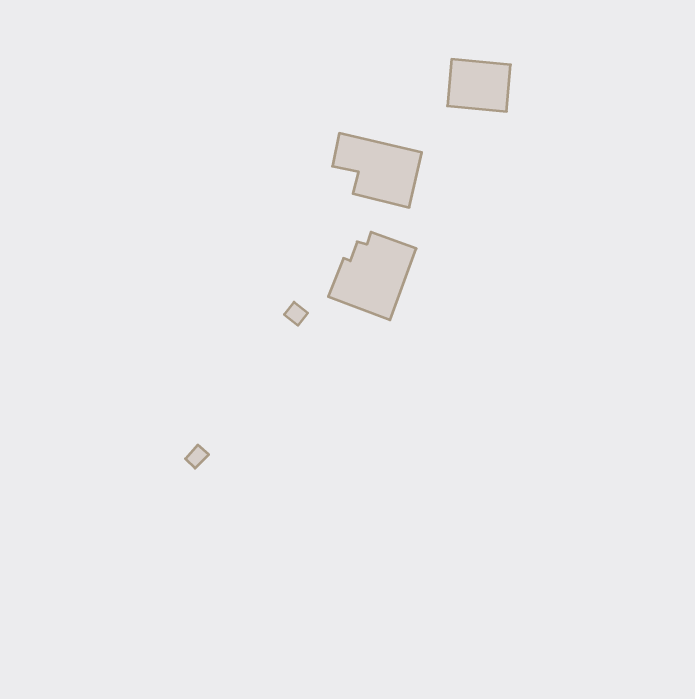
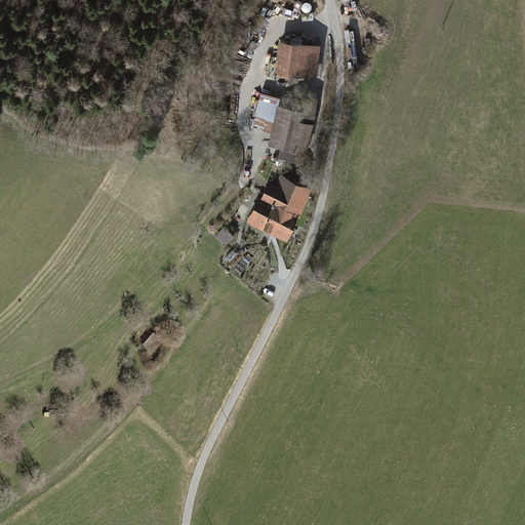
building: [447,59,511,111] -> [274,42,321,81]

